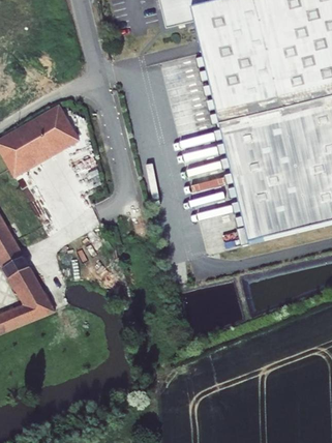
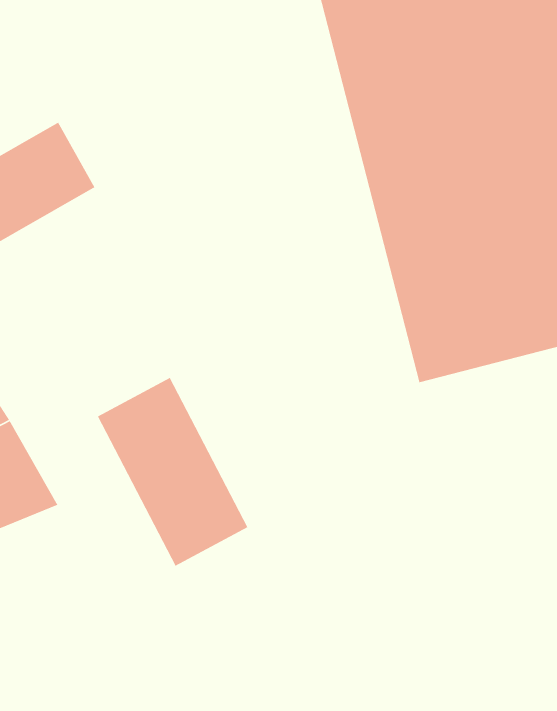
building: none -> [97,377,249,567]

